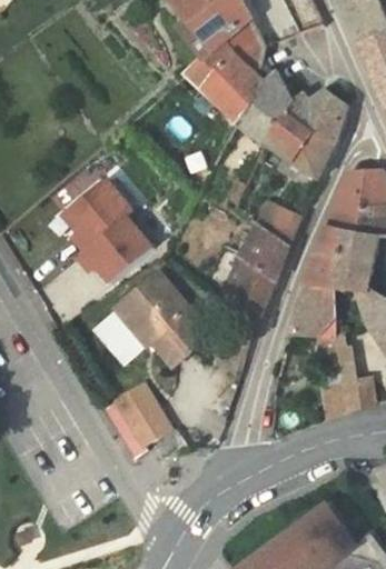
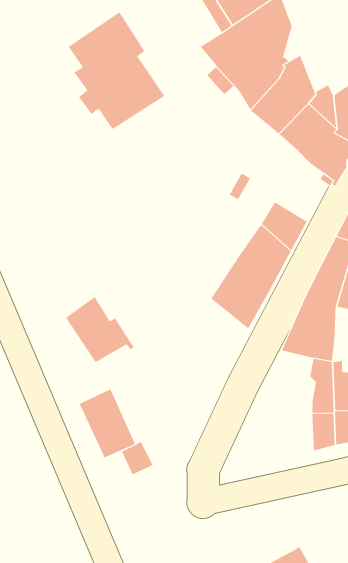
building: [60,177,151,282] -> [68,11,165,130]
building: [117,272,208,368] -> none

